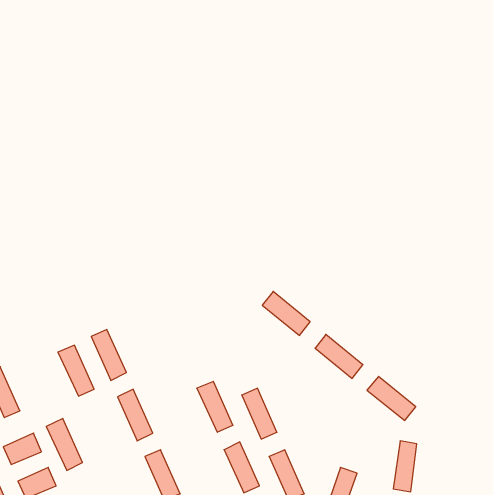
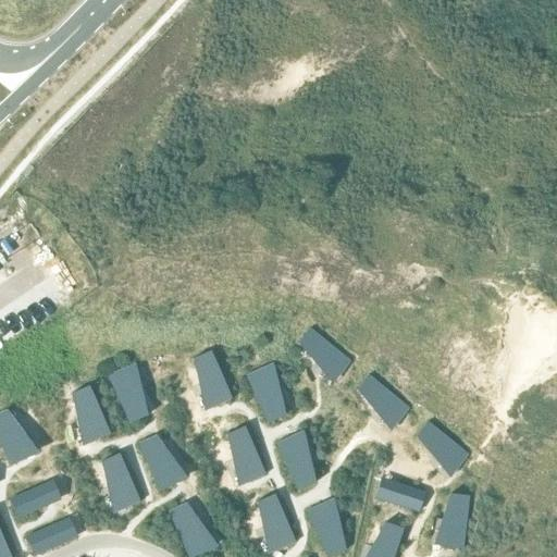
building: none -> [191,350,231,407]
building: none -> [245,366,284,422]
building: [46,419,82,470] -> [100,451,140,509]
building: none -> [384,480,426,511]

